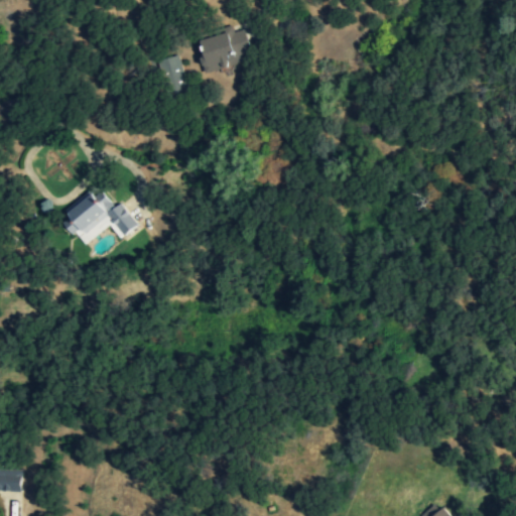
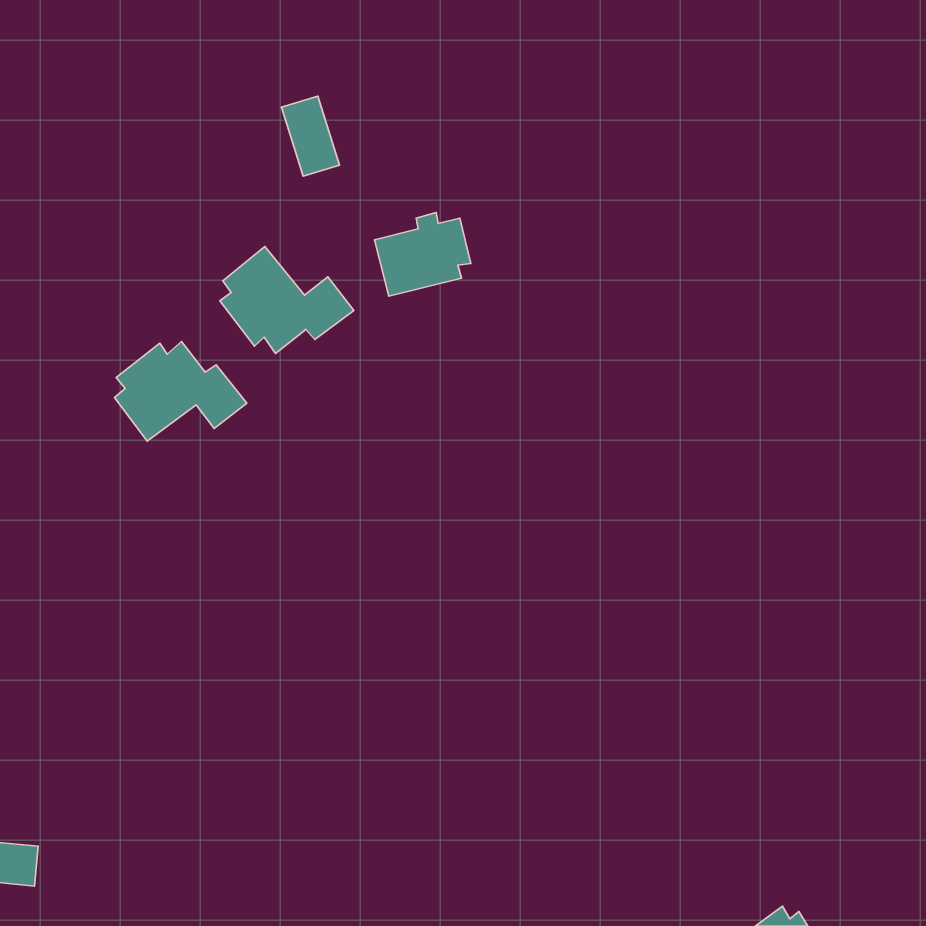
building: [197,25,250,72] -> [374,213,471,296]
building: none -> [220,247,354,354]

